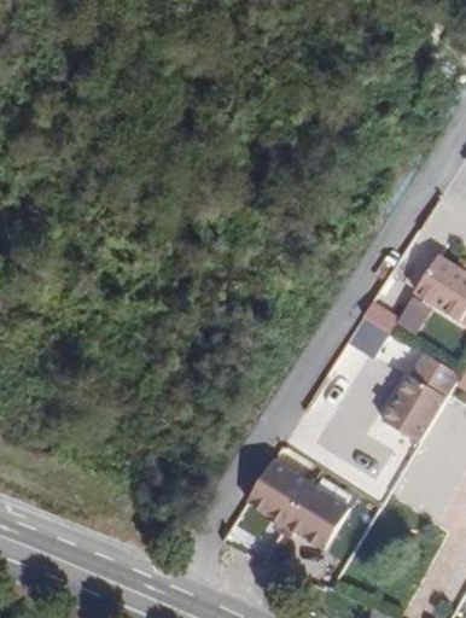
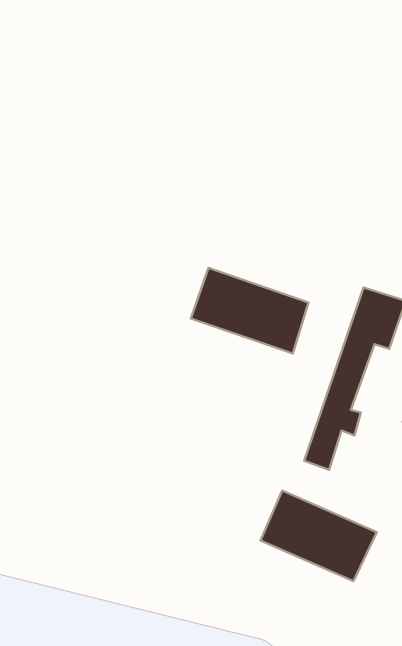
building: none -> [191,268,308,353]

